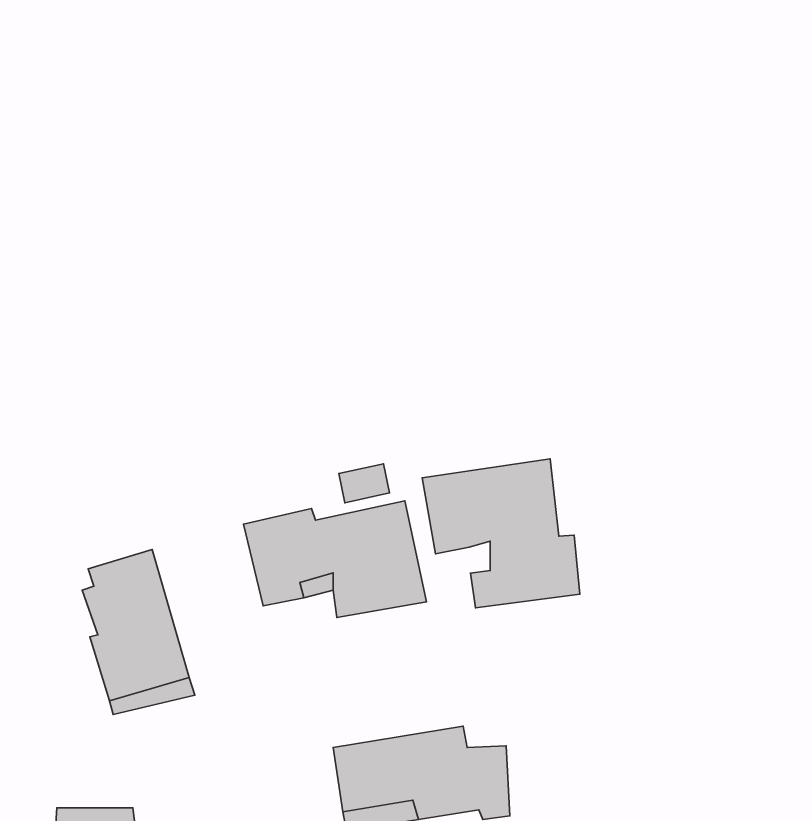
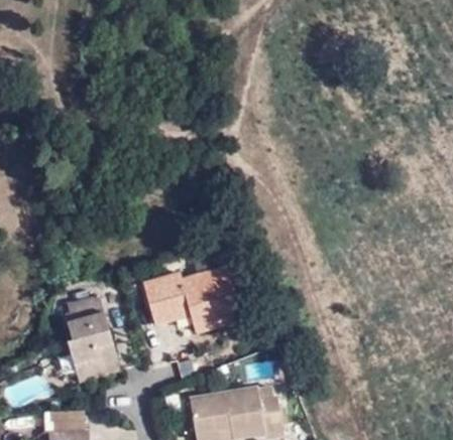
building: [422,459,580,608] -> none

